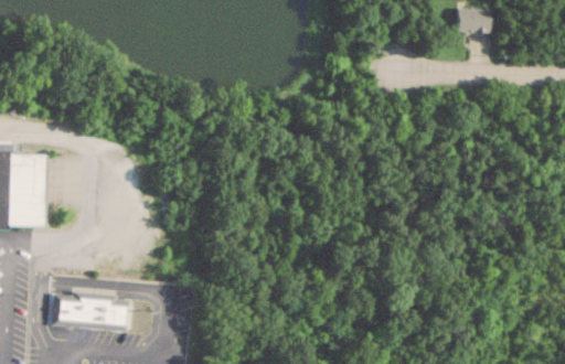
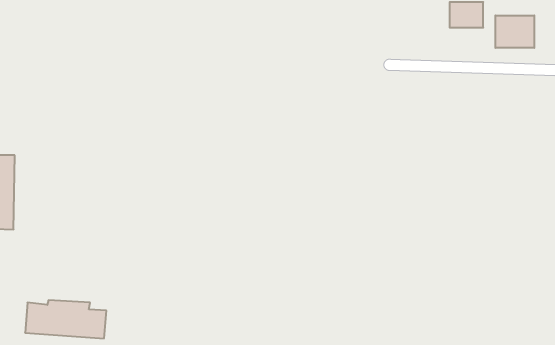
building: none -> [495,15,534,48]

